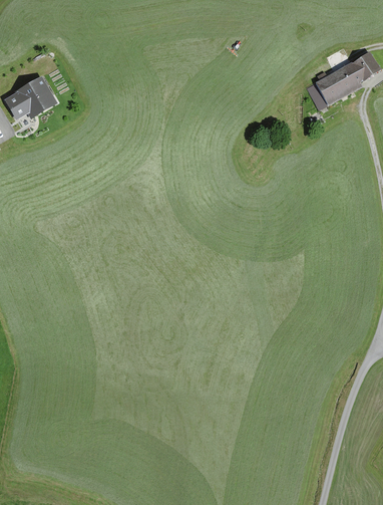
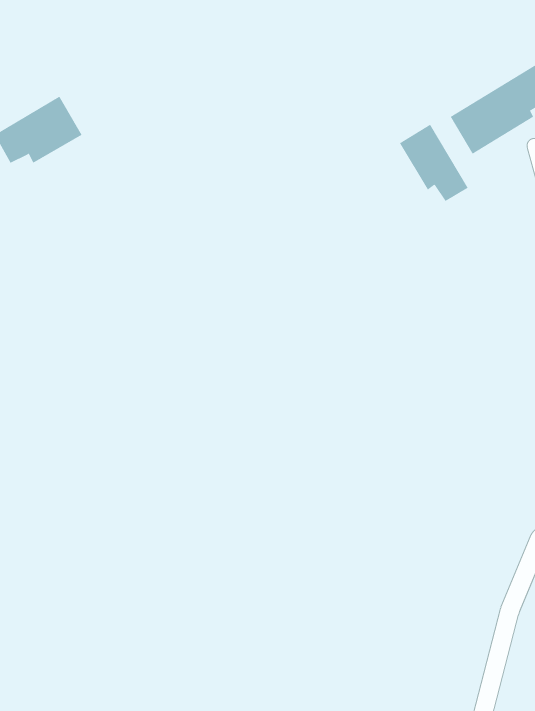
building: none -> [399,124,468,202]

